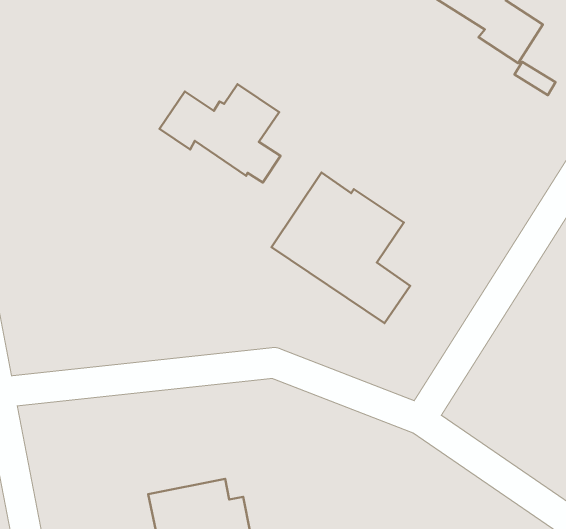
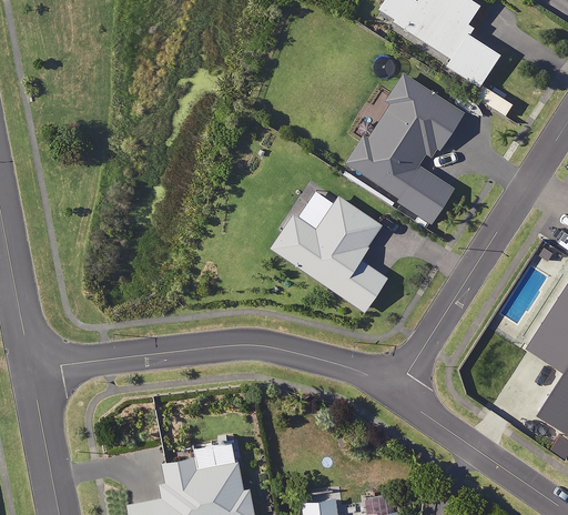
building: none -> [348,78,463,223]
building: [159,84,280,183] -> none

